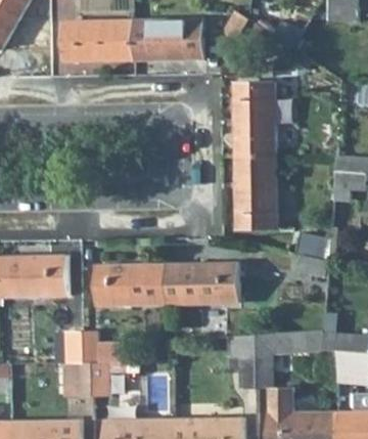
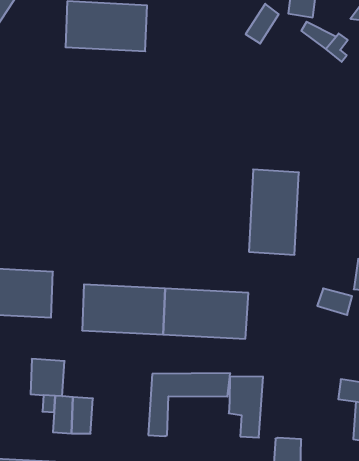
building: [133,18,202,59] -> none
building: [233,83,274,156] -> none
building: [255,330,322,388] -> [148,373,230,436]
building: [82,333,124,363] -> none

